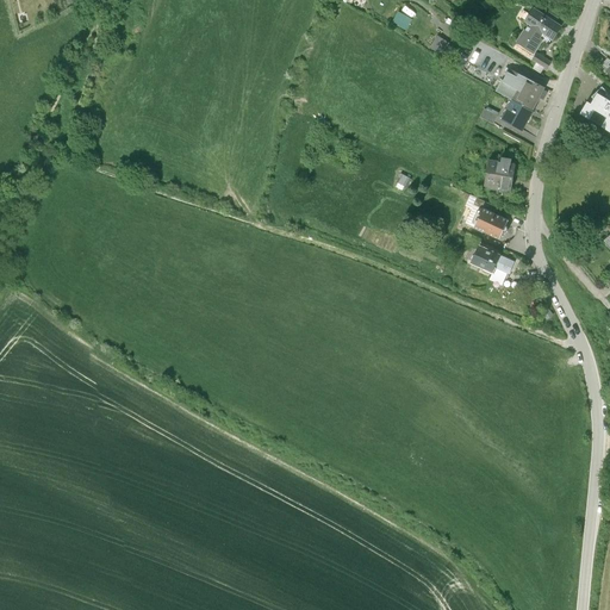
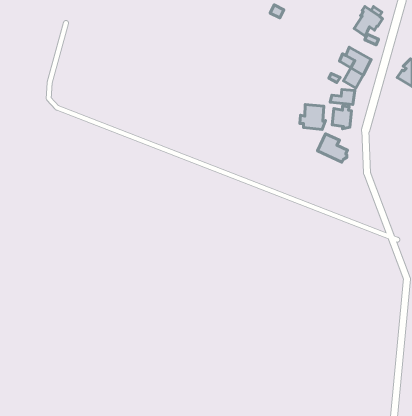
building: none -> [330,90,355,105]
building: none -> [300,104,326,130]
building: [471,244,512,273] -> none

